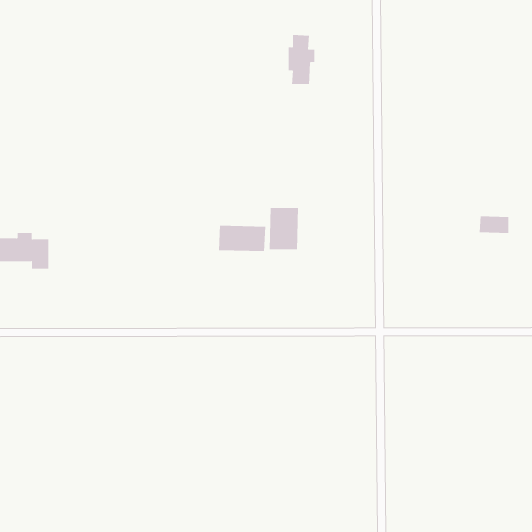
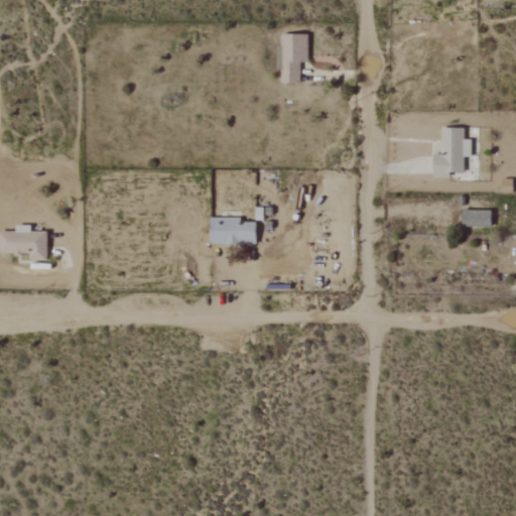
building: none -> [433,127,472,176]
building: [269,207,298,250] -> none

